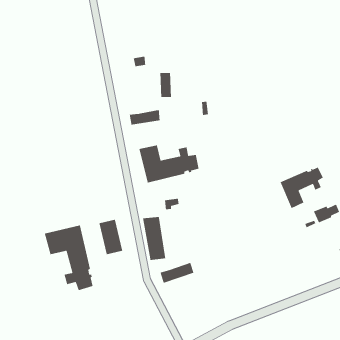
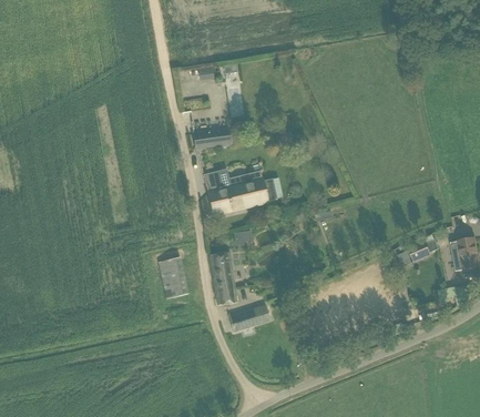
building: [279,166,324,209] -> none
building: [44,225,94,291] -> none

